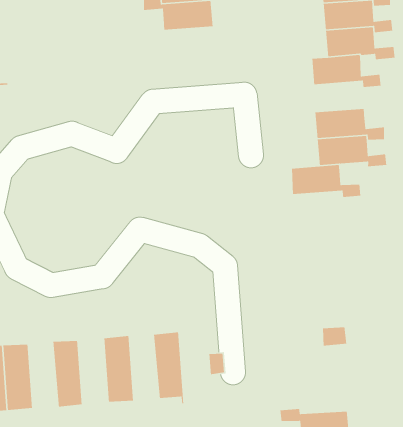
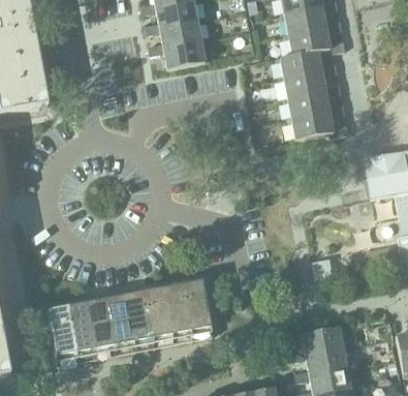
building: none -> [149,40,206,68]
building: [291,164,361,198] -> [285,69,342,97]
building: none -> [164,283,193,337]
building: none -> [125,291,154,344]
building: none -> [87,298,116,352]

